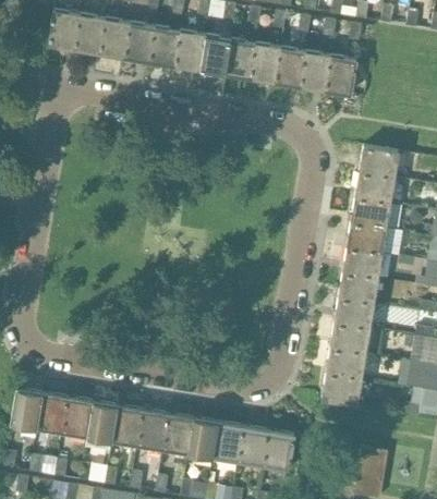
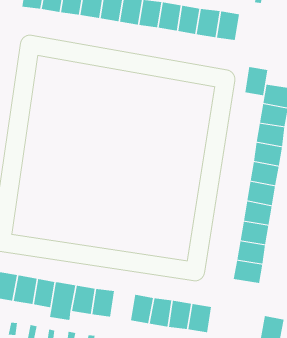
building: [326,56,356,94] -> [244,66,268,96]
building: [165,414,195,452] -> none

